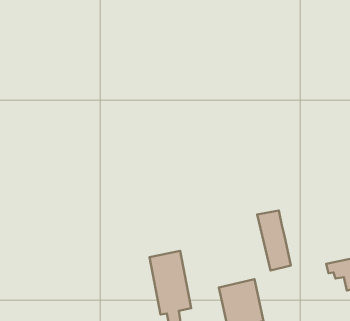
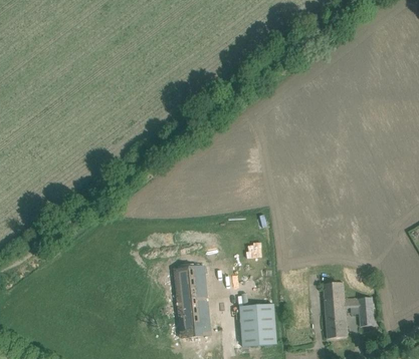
building: [257,210,291,271] -> [322,282,347,338]

